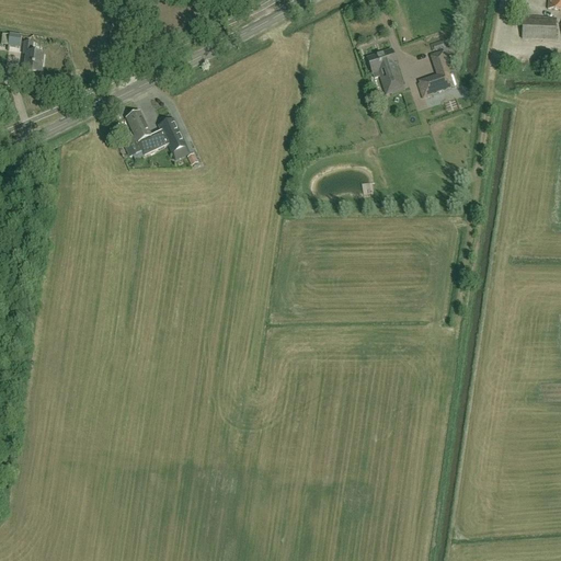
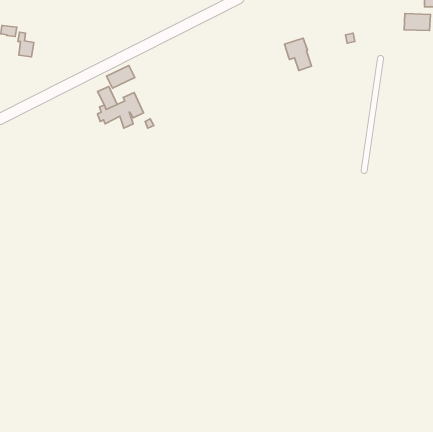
building: [421,49,454,93] -> none
building: none -> [107,66,135,88]

